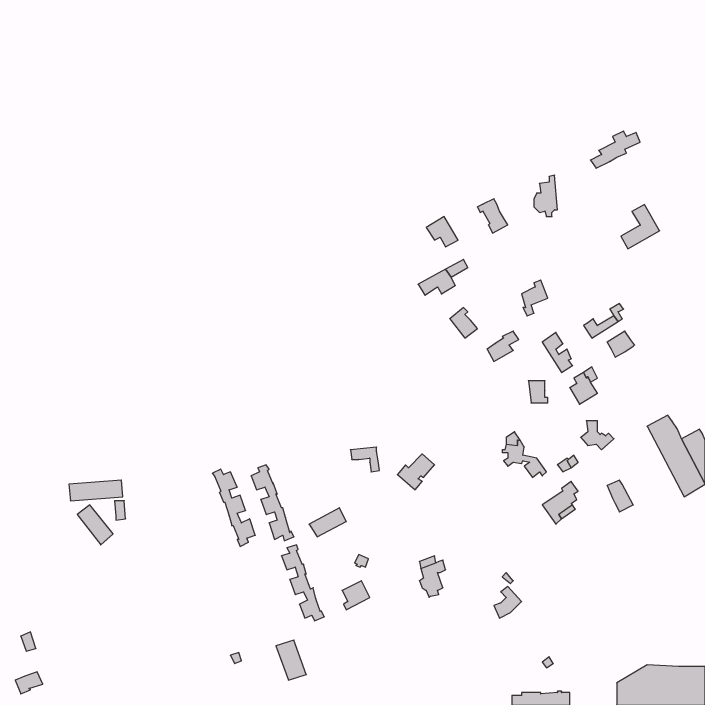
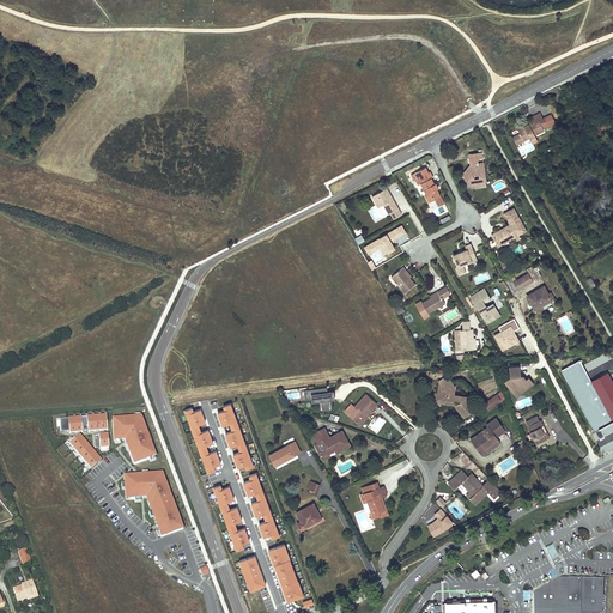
building: [621,205,660,249] -> [491,206,524,244]
building: none -> [113,418,154,465]
building: none -> [312,429,350,459]
building: none -> [449,469,500,503]
building: none -> [125,474,182,536]
building: none -> [213,485,250,551]
building: none -> [268,544,304,601]

